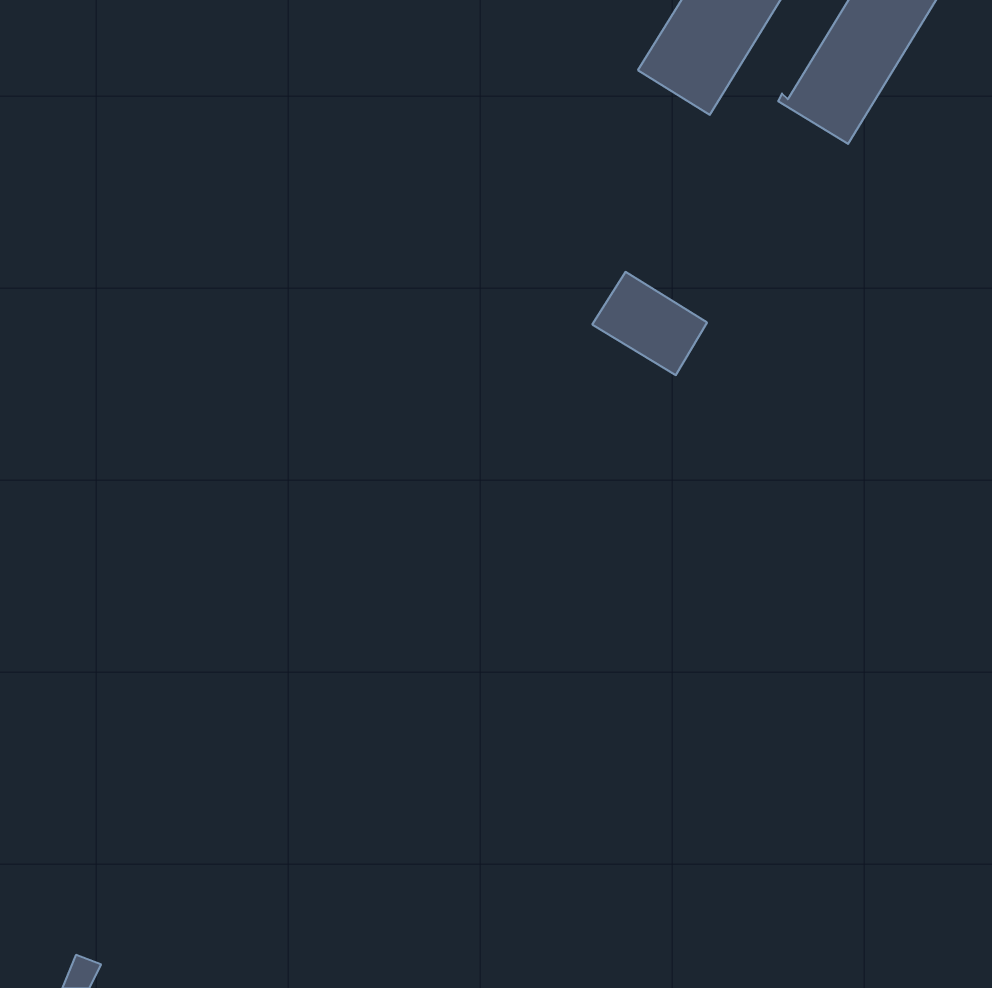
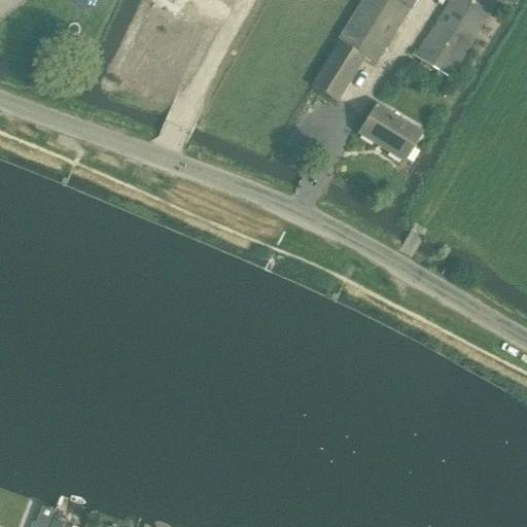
building: none -> [313,42,363,99]
building: [592,272,707,375] -> [360,104,421,159]

